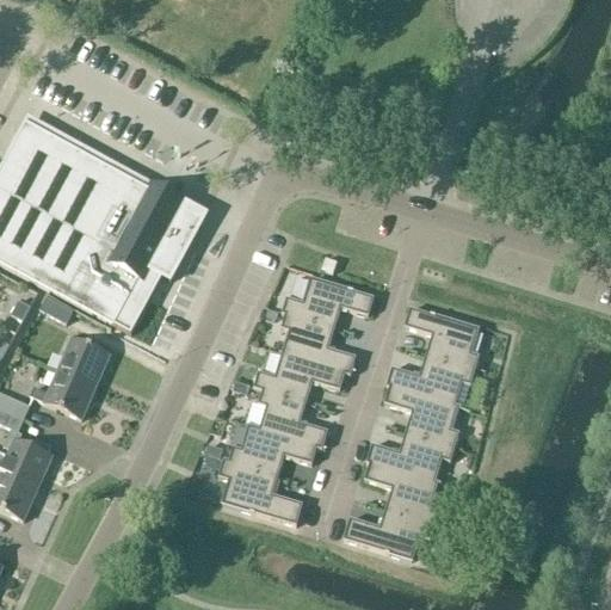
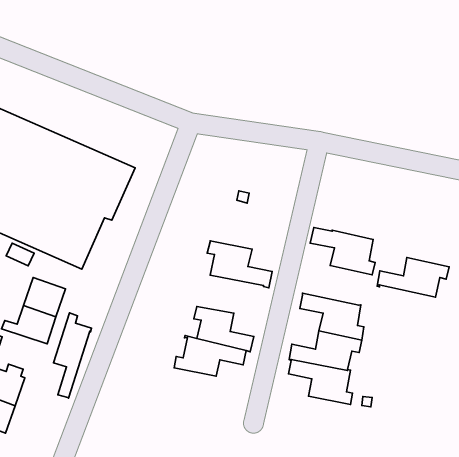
building: [283,273,375,325] -> none
building: [254,351,345,399] -> none
building: [388,352,475,402] -> [377,257,449,297]
building: none -> [53,313,92,398]
building: [220,456,303,523] -> none
building: [344,505,436,557] -> none

